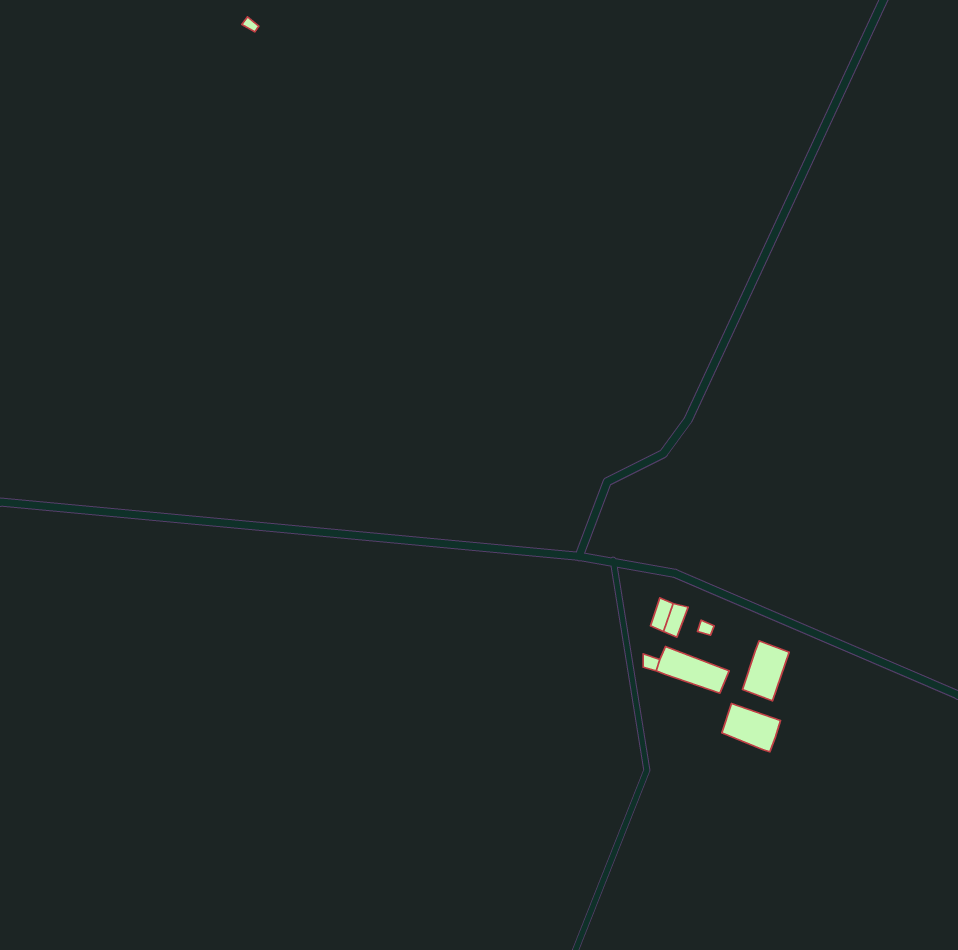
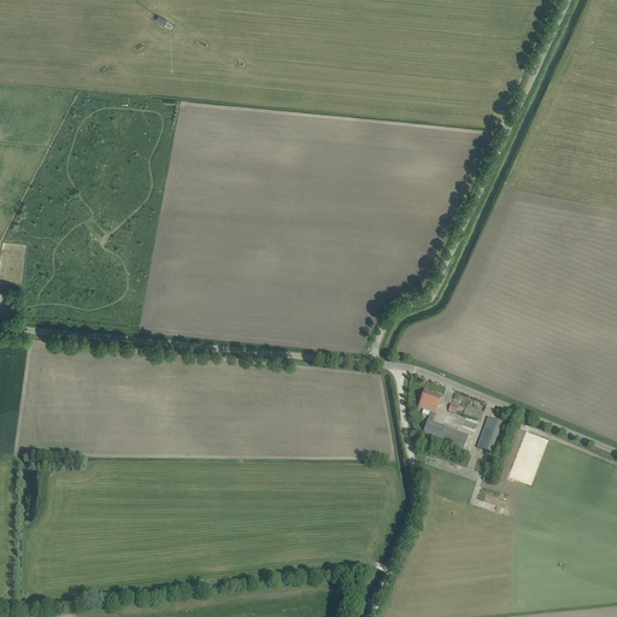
building: [722,704,781,752] -> none

